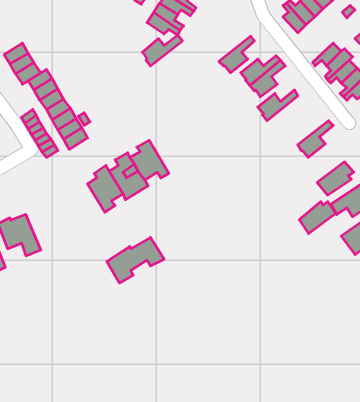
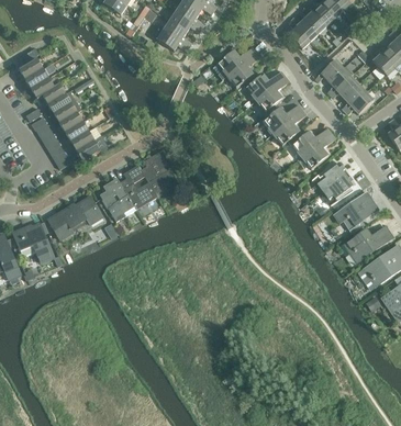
building: [142,35,182,66] -> [218,46,256,76]
building: none -> [271,109,305,144]
building: none -> [292,127,331,156]
building: [299,202,336,234] -> [311,161,346,192]
building: [107,237,164,283] -> [47,195,102,239]

